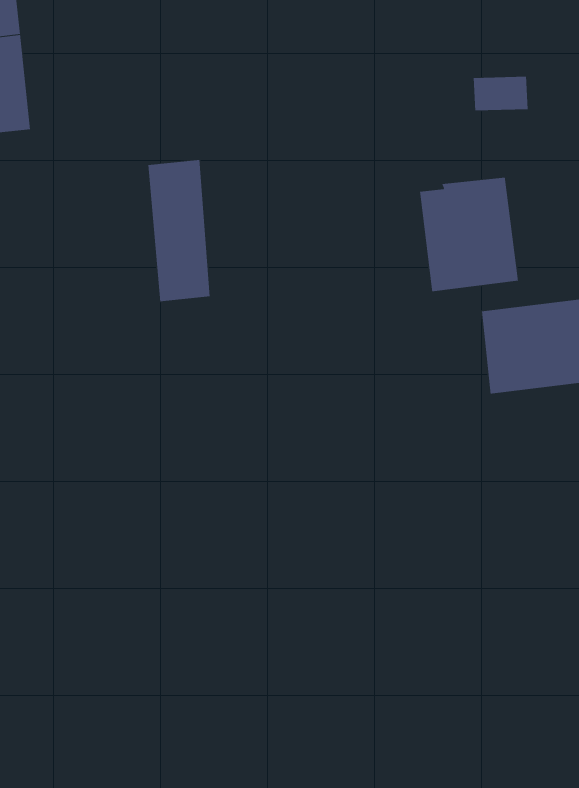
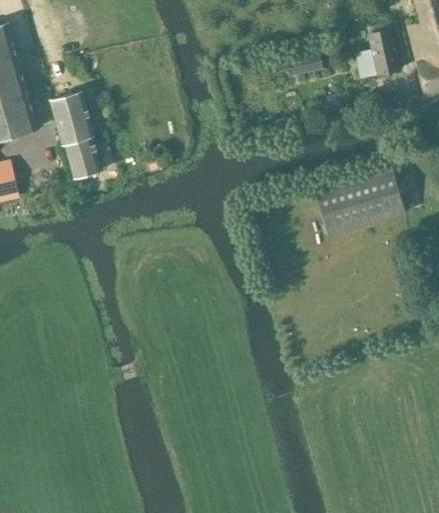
building: [147,160,211,302] -> [52,92,101,178]
building: [419,177,519,292] -> none

